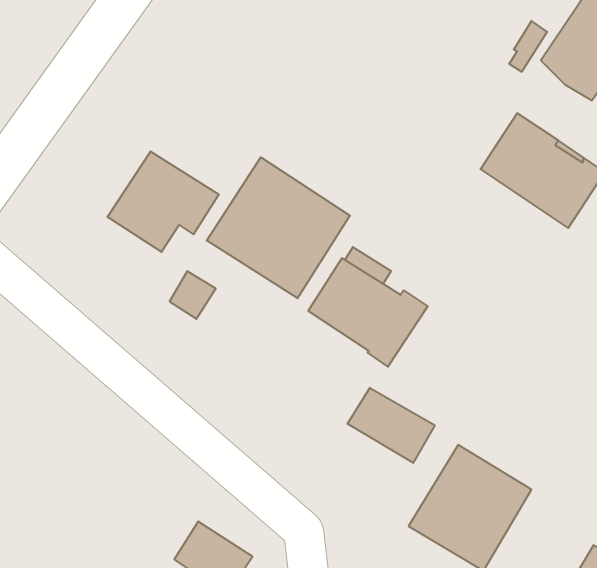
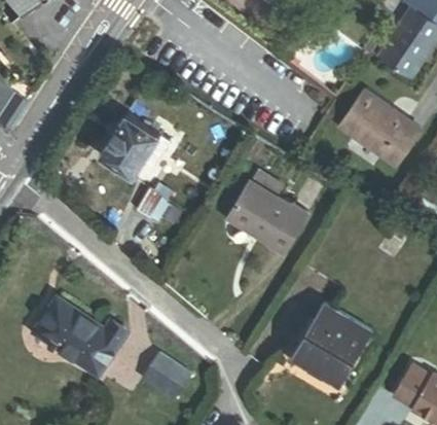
building: [207,157,350,298] -> none
building: [347,388,435,463] -> none
building: none -> [34,298,126,374]

